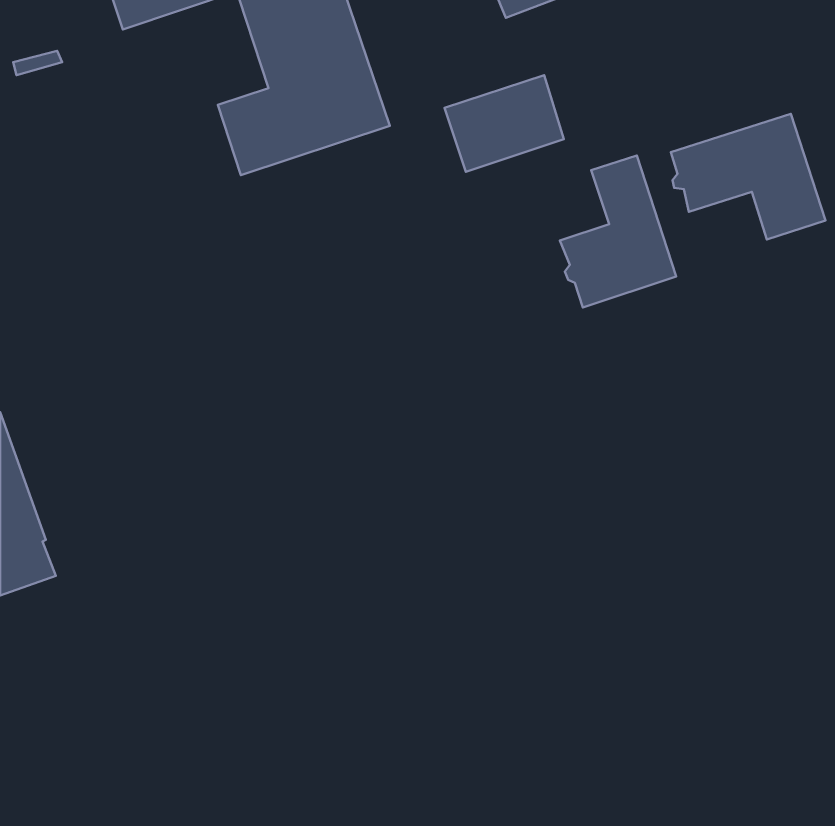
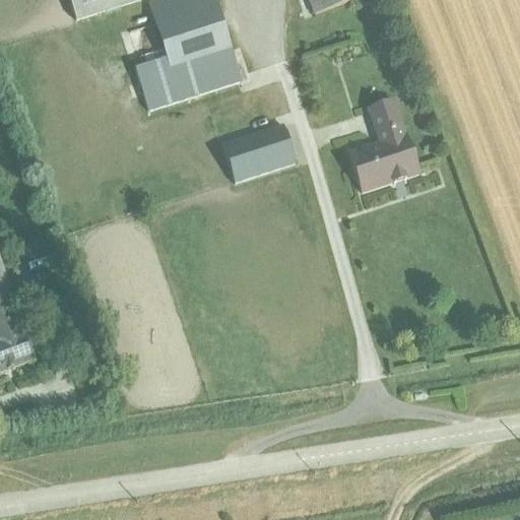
building: [444,75,564,172] -> [222,121,297,181]
building: [671,114,826,240] -> none

